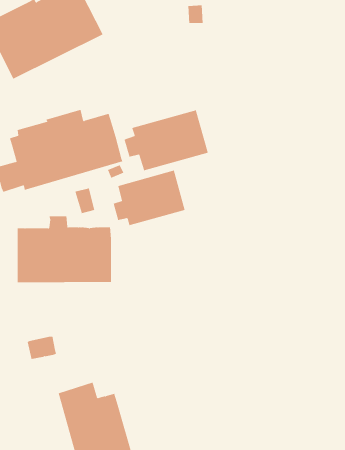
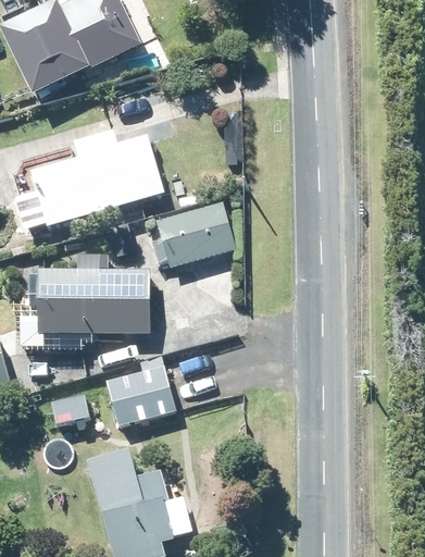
building: [124,110,208,171] -> none
building: none -> [107,355,174,425]

